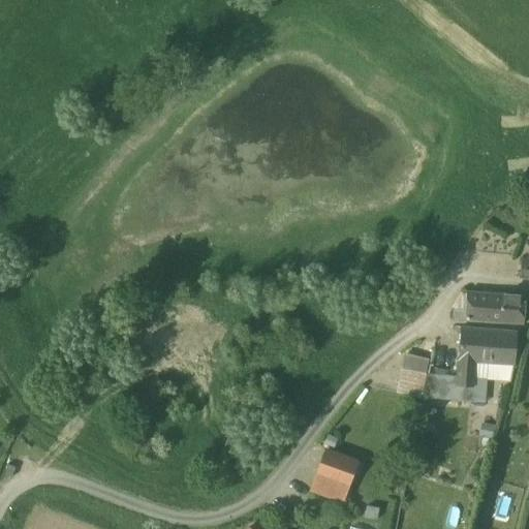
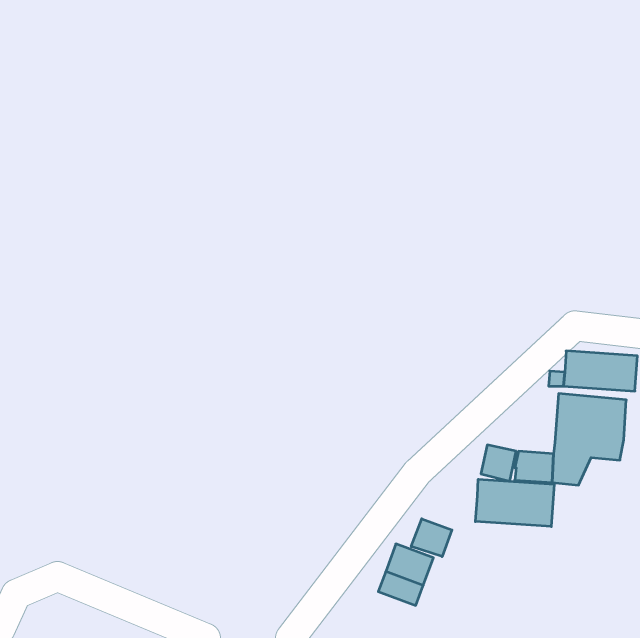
building: none -> [475,479,554,527]
building: none -> [411,519,452,557]

